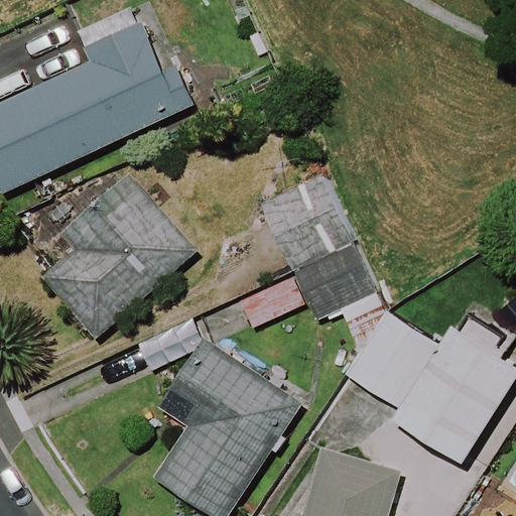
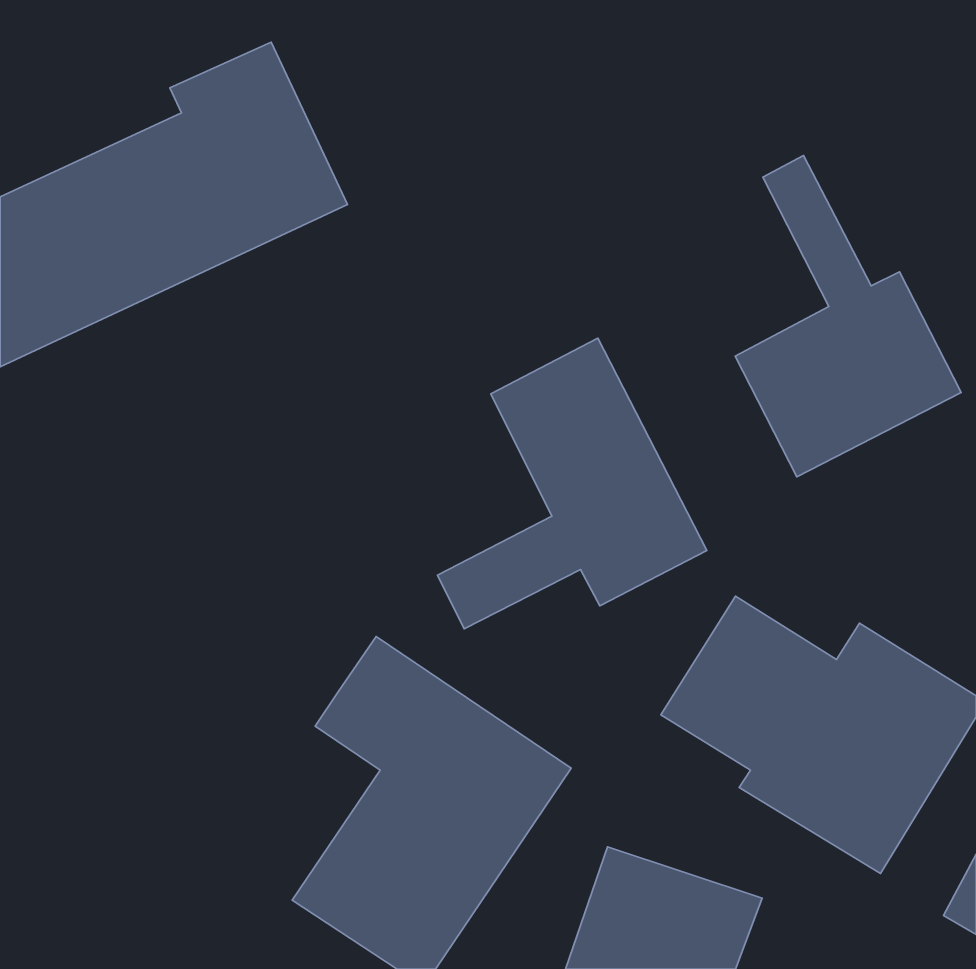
building: none -> [735,155,961,477]
building: [32,174,196,335] -> none

